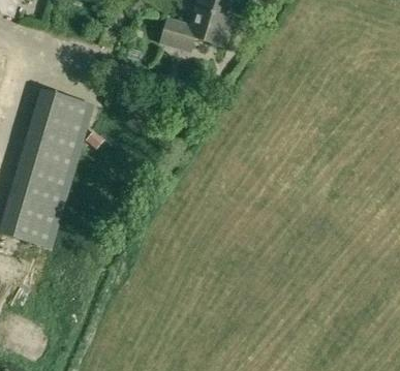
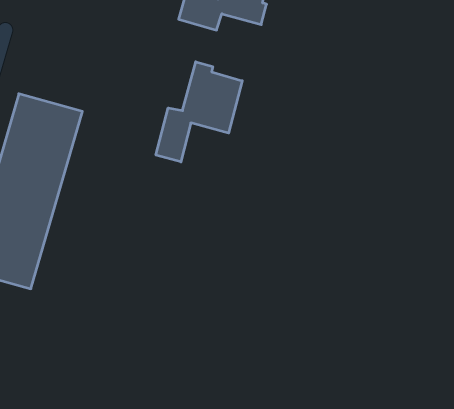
building: none -> [156,62,242,162]

